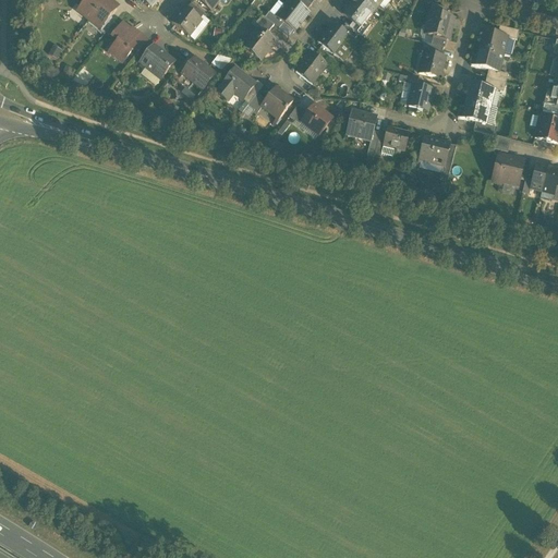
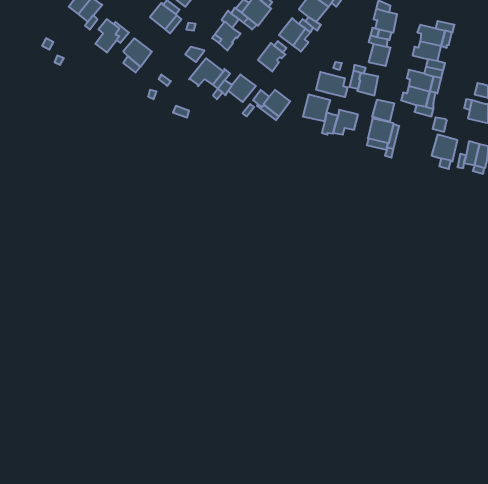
building: [182,56,215,87] -> none
building: none -> [316,72,348,97]
building: none -> [372,100,394,121]

